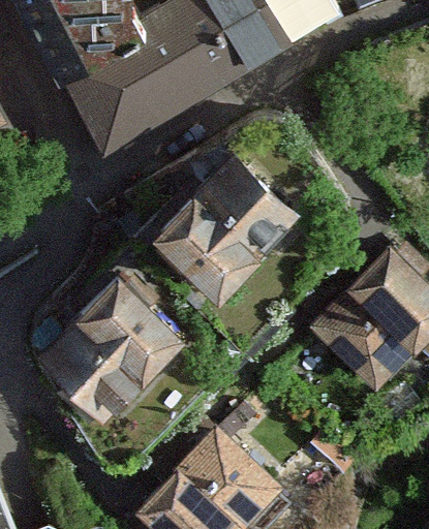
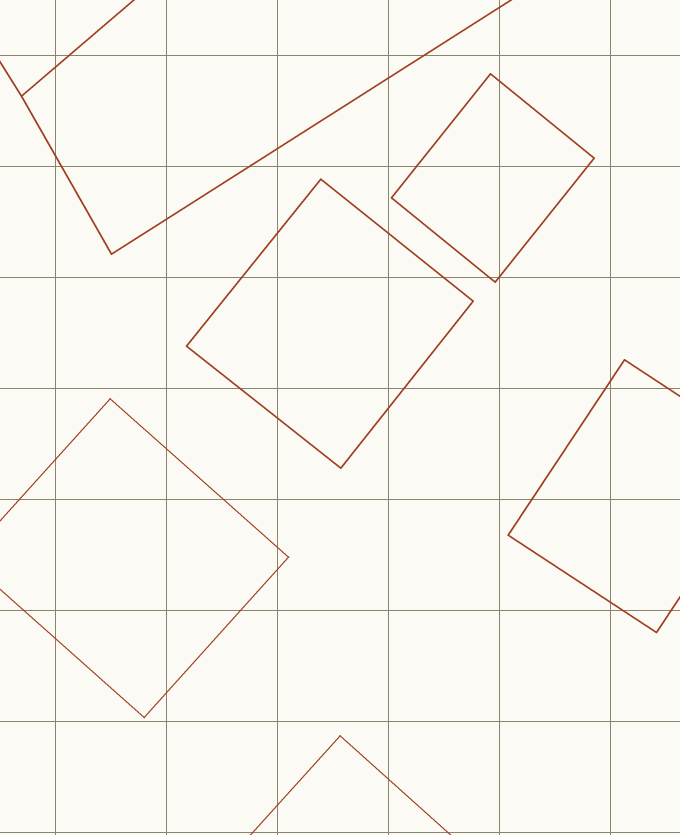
building: none -> [391,74,594,282]

